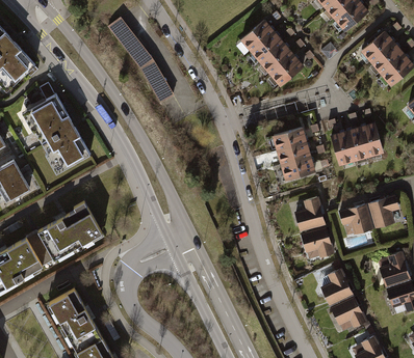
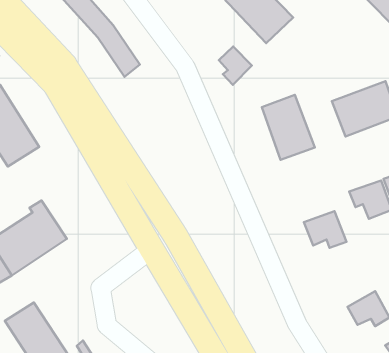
building: none -> [219,47,252,85]
building: [295,197,326,231] -> none
building: [324,269,354,303] -> none

